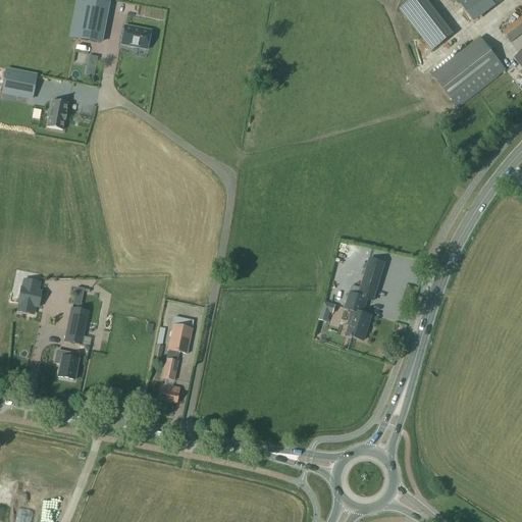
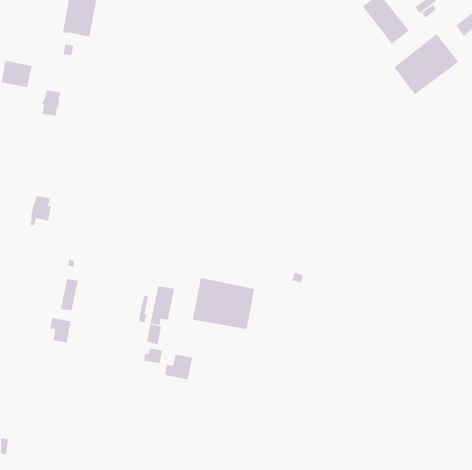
building: [121,23,151,48] -> none
building: [347,257,385,338] -> none
building: [17,277,42,311] -> [29,195,52,226]
building: none -> [192,277,255,330]
building: none -> [165,354,193,380]

